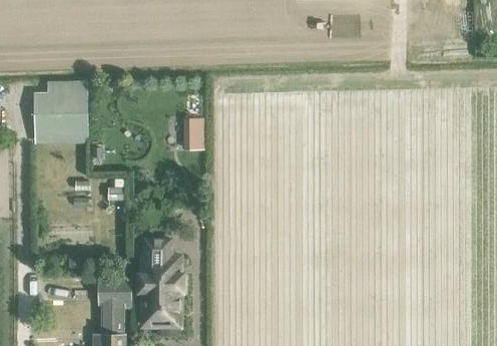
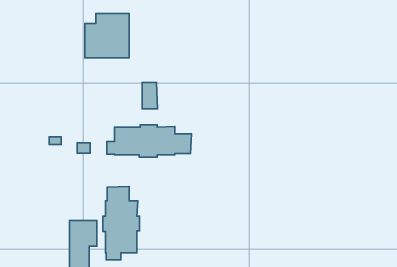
building: [36,82,88,134] -> [85,13,129,58]
building: none -> [107,125,192,157]

